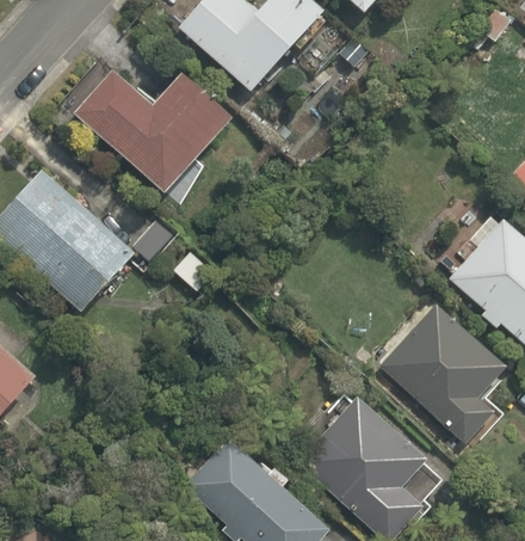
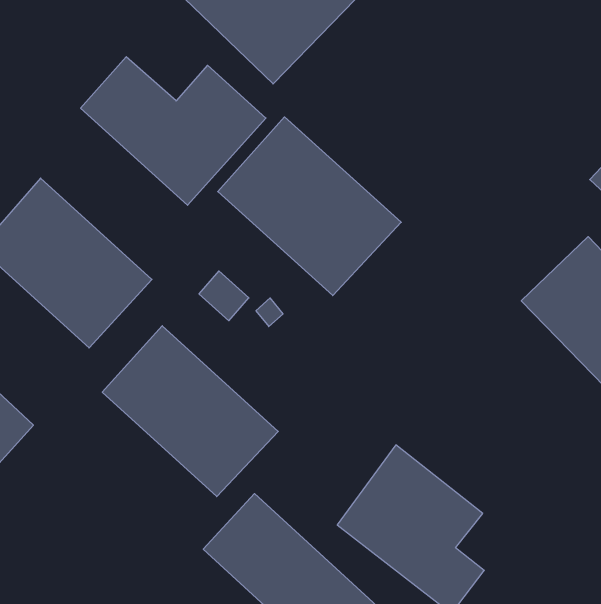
building: none -> [218,117,401,296]
building: none -> [102,326,278,497]
building: [384,302,506,445] -> none

